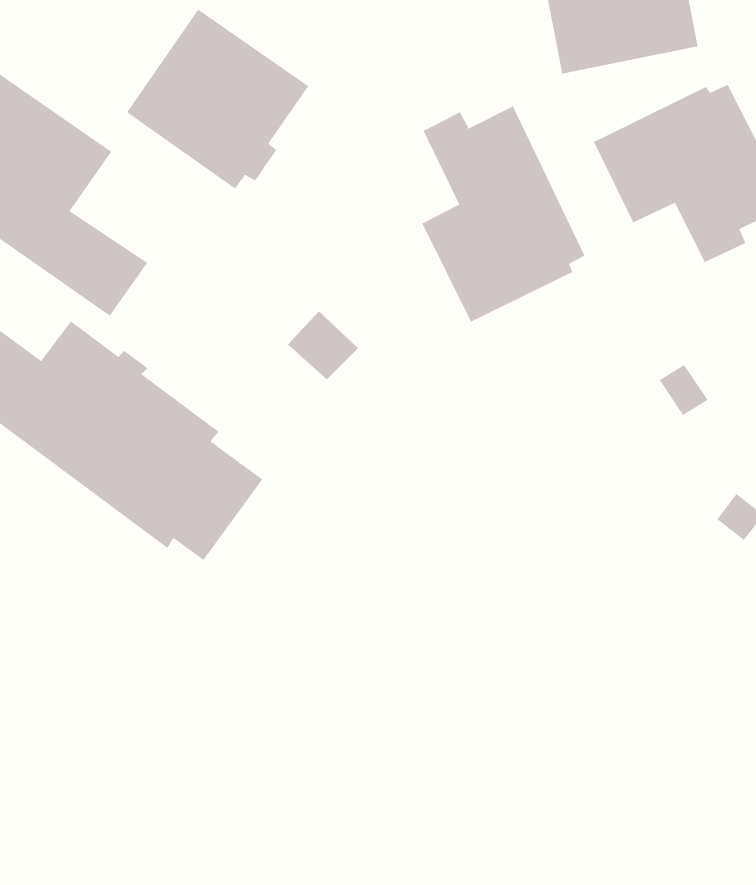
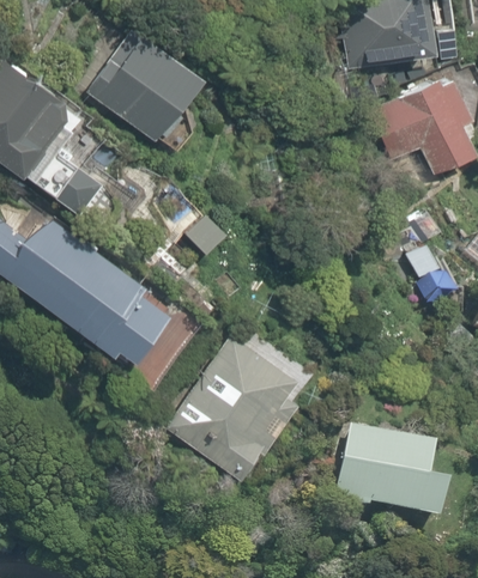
building: [421,105,585,323] -> none
building: none -> [164,333,301,482]
building: none -> [335,425,446,523]

